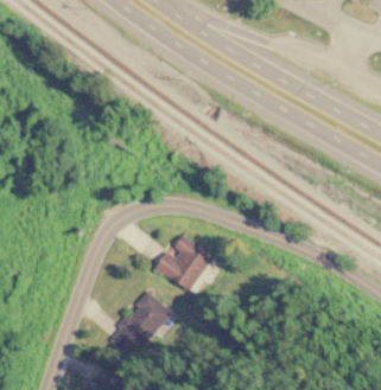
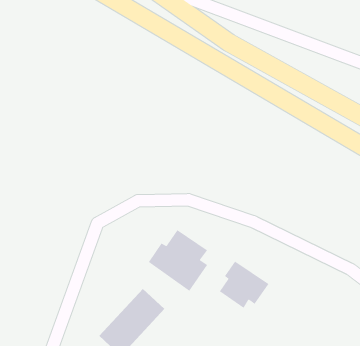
building: none -> [219,261,269,309]

